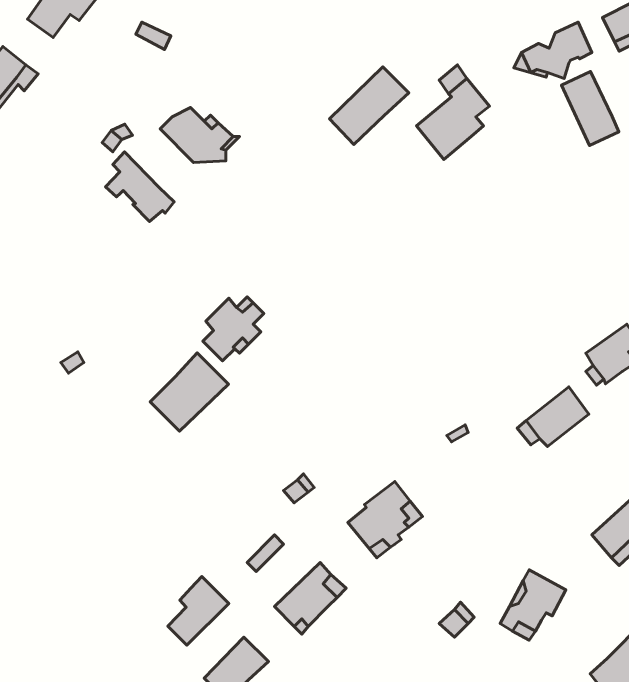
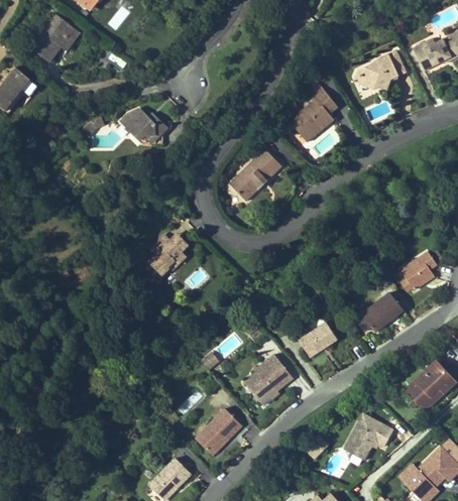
building: [329,67,409,145] -> [229,149,281,201]
building: [561,72,619,145] -> none
building: [105,152,174,222] -> none
building: [150,353,228,431] -> none
building: none -> [299,323,337,357]
building: [168,576,229,645] -> none

